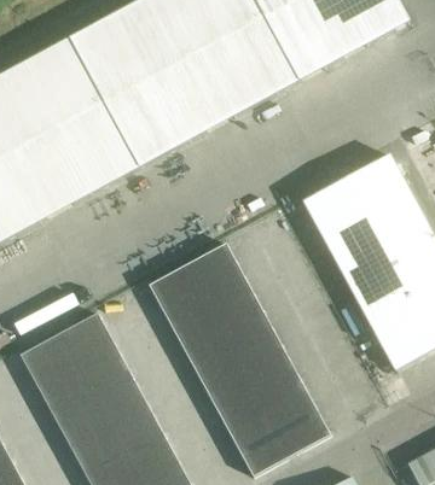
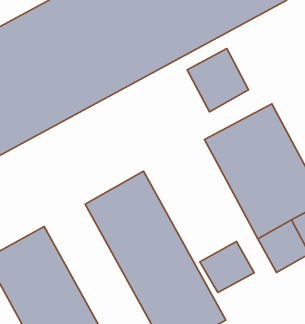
building: none -> [187,49,248,112]
building: none -> [200,242,254,293]

